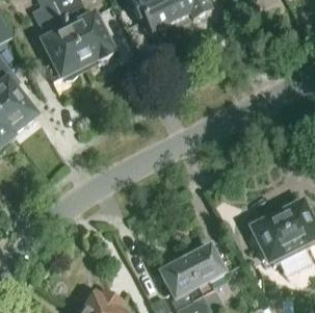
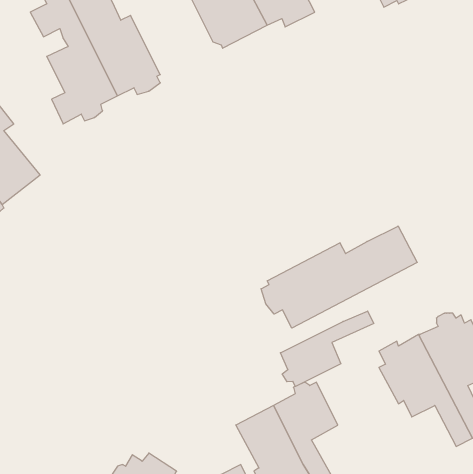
building: none -> [261,226,417,328]
building: none -> [280,311,374,386]

